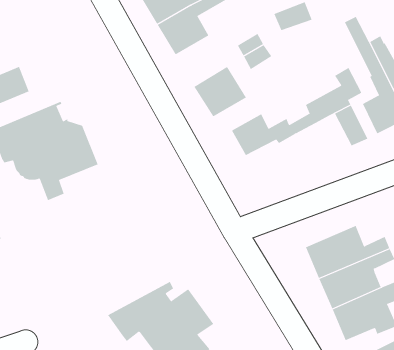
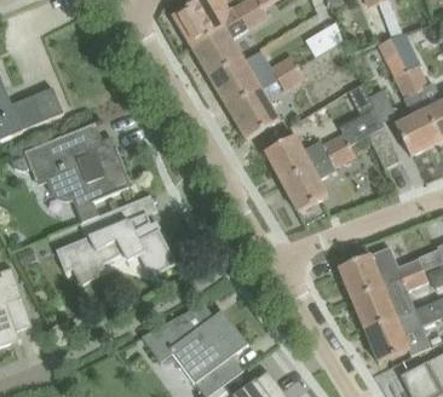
building: none -> [208,57,260,108]
building: none -> [278,144,355,211]
building: none -> [54,203,176,274]

